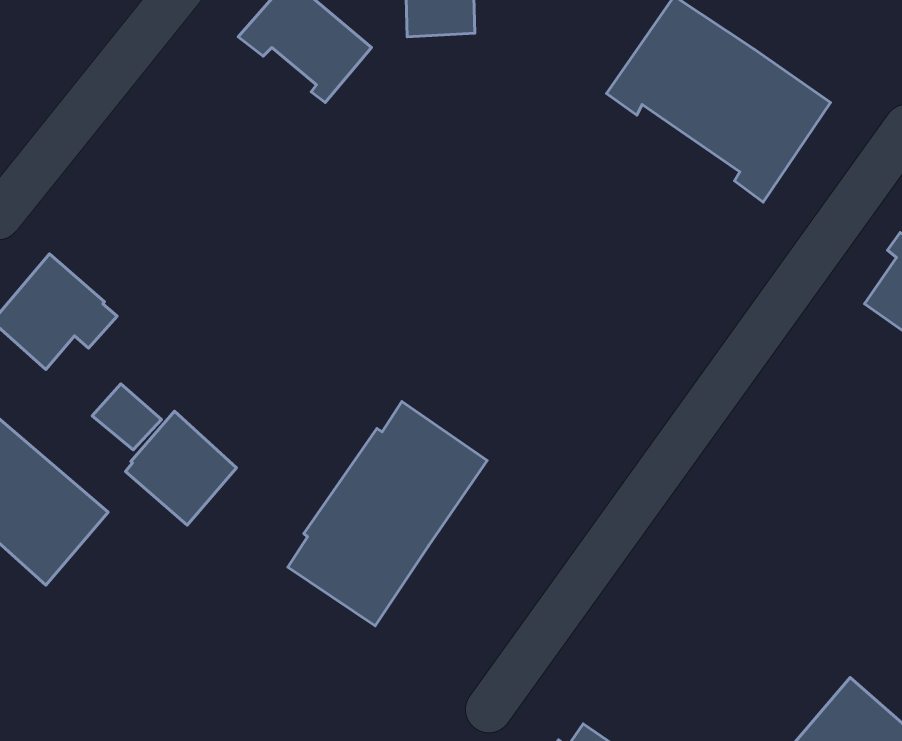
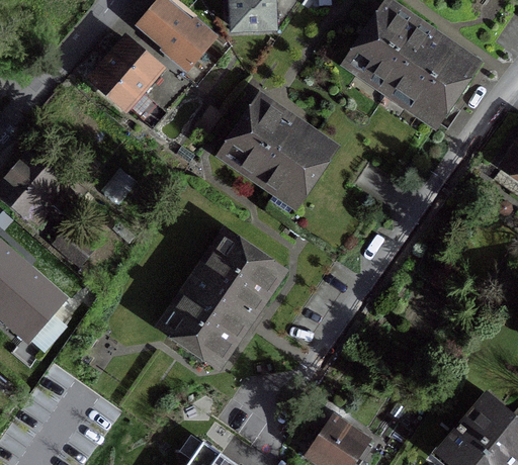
building: none -> [92,42,166,131]
building: none -> [224,102,331,201]
building: [125,411,237,525] -> none

